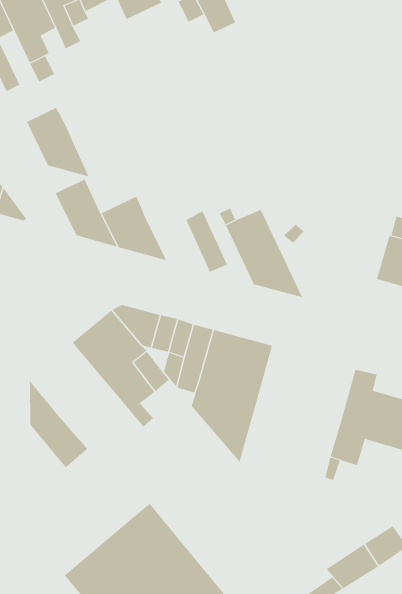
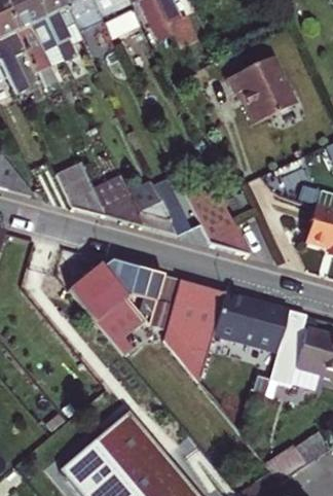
building: none -> [228,55,297,122]
building: [26,107,90,177] -> [127,180,177,235]
building: none -> [215,291,290,350]
building: [29,380,88,468] -> none

